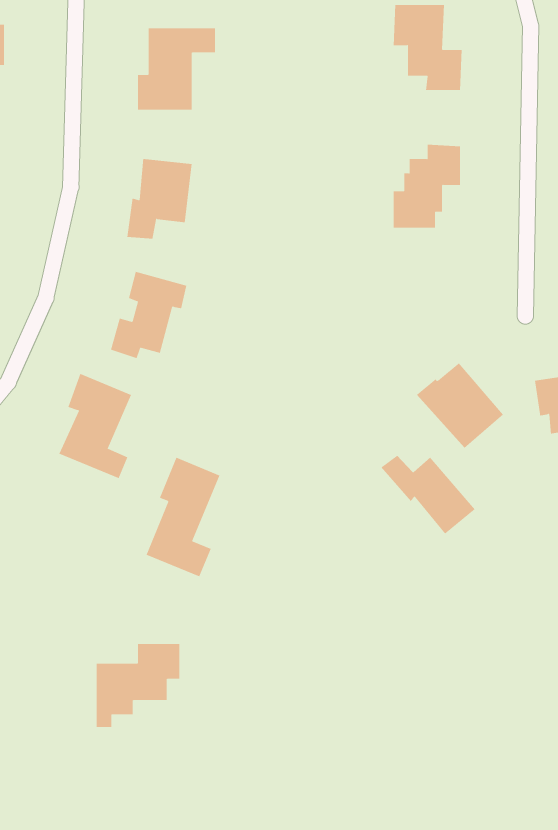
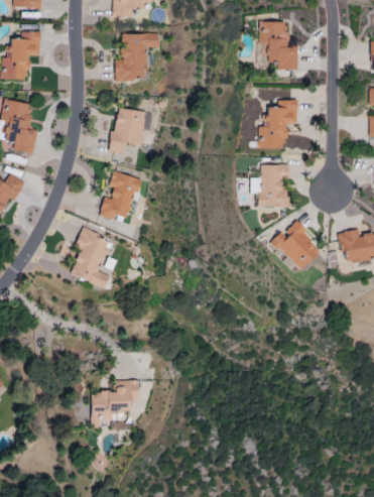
building: none -> [251,164,289,208]
building: [380,455,476,534] -> none
building: [146,457,220,577] -> none

